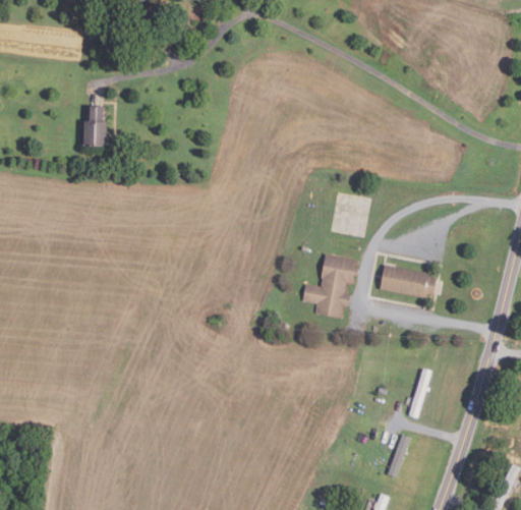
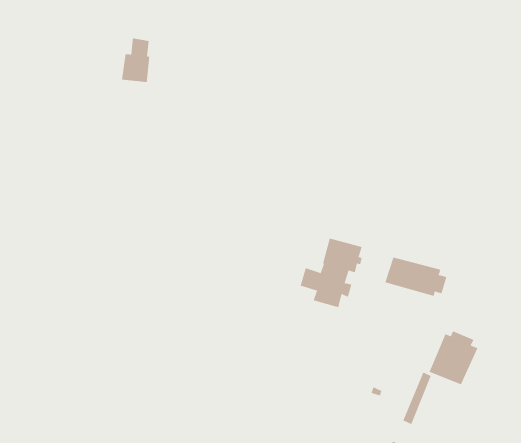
building: [81,106,106,146] -> [121,38,150,83]
building: none -> [429,331,478,385]

